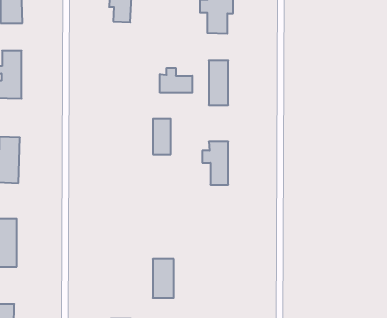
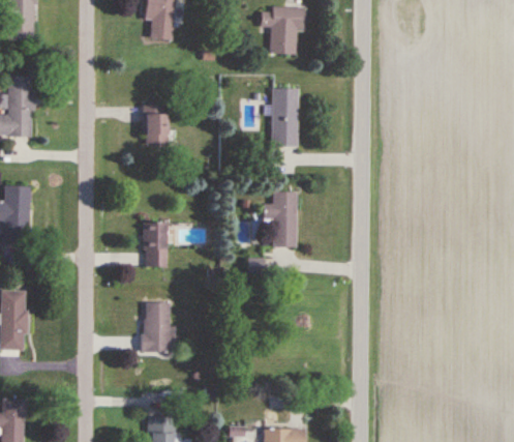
building: [160,68,192,93] -> none
building: none -> [144,105,167,142]
building: [153,119,171,154] -> [144,222,167,267]
building: [153,259,174,298] -> [143,301,170,351]

